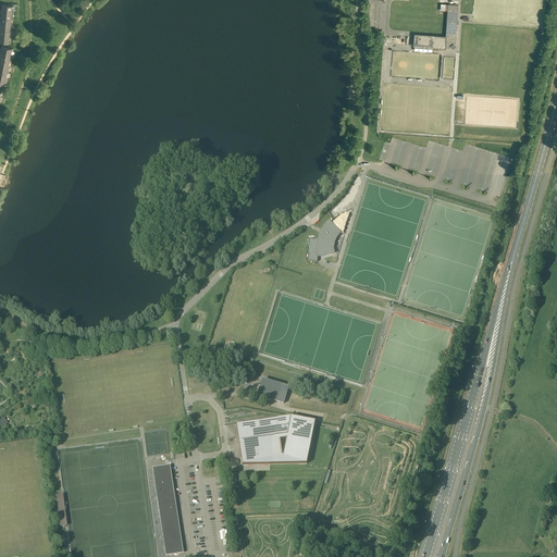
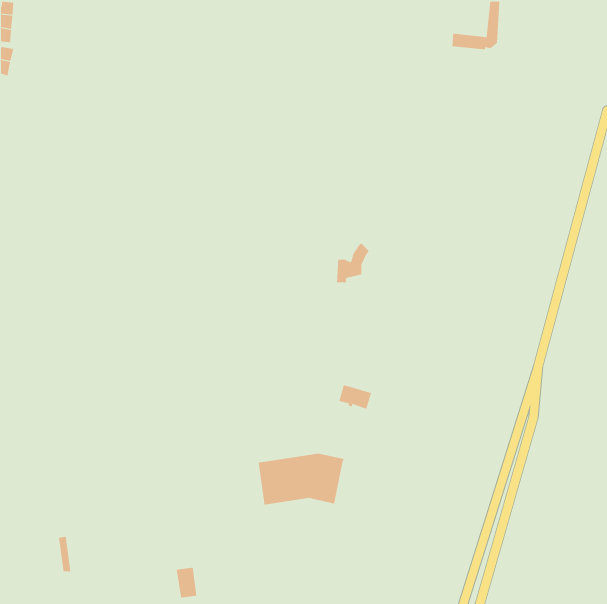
building: [257,379,287,401] -> [338,384,372,409]
building: [153,469,176,517] -> none

